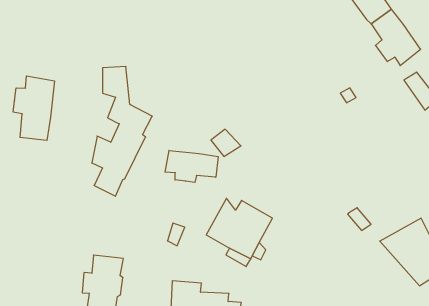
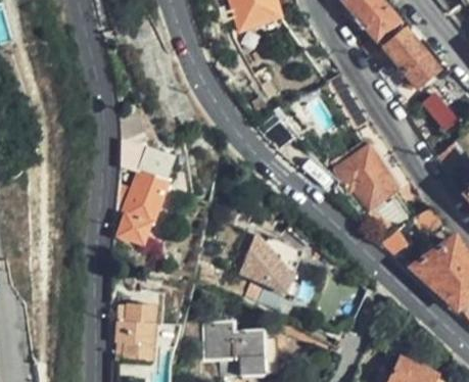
building: [13,76,54,140] -> none
building: none -> [335,146,396,207]
building: [165,150,218,182] -> none

